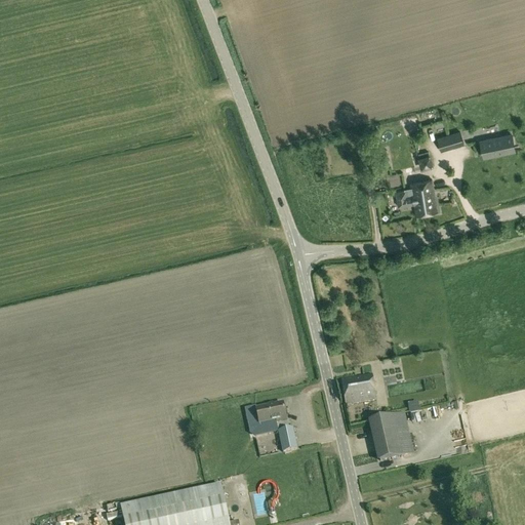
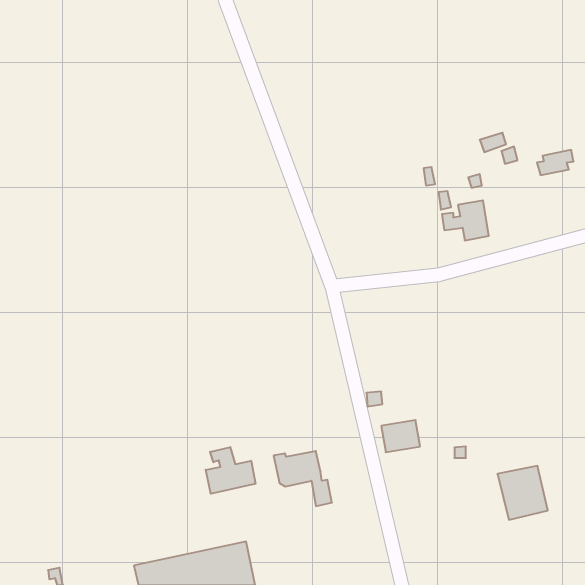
building: none -> [206,447,256,494]
building: [368,414,413,462] -> [497,466,548,520]

